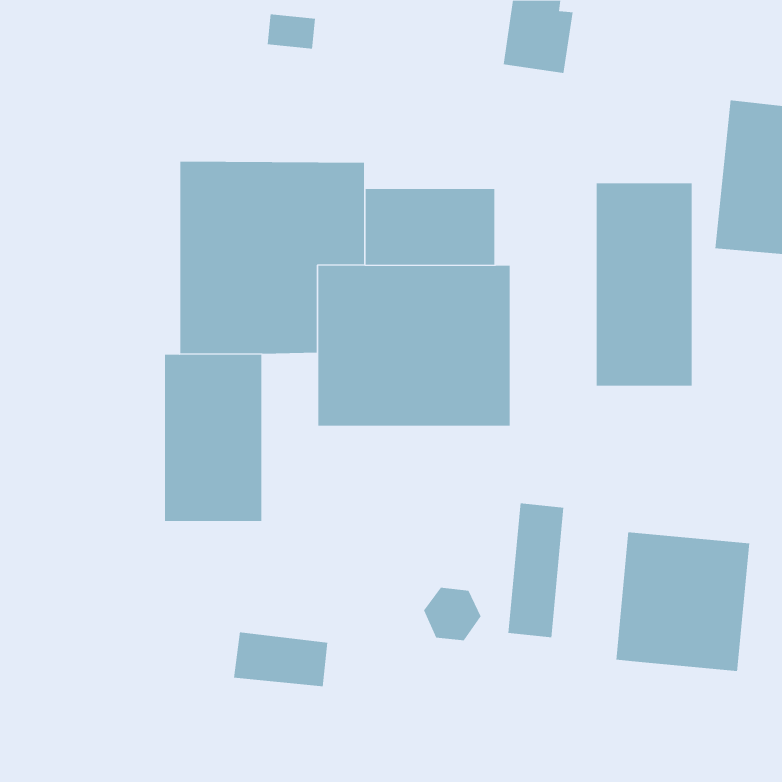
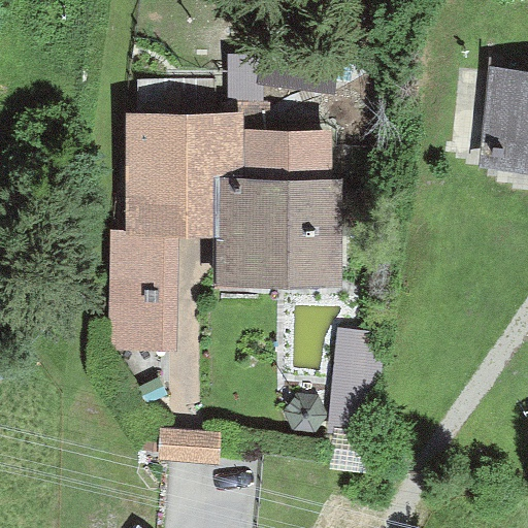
building: [596,183,692,387] -> none
building: [616,532,750,672] -> none

